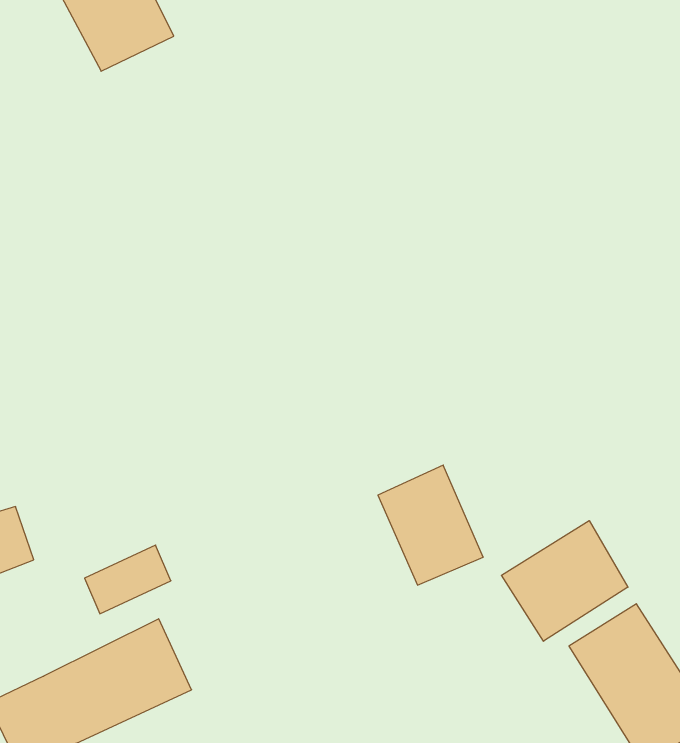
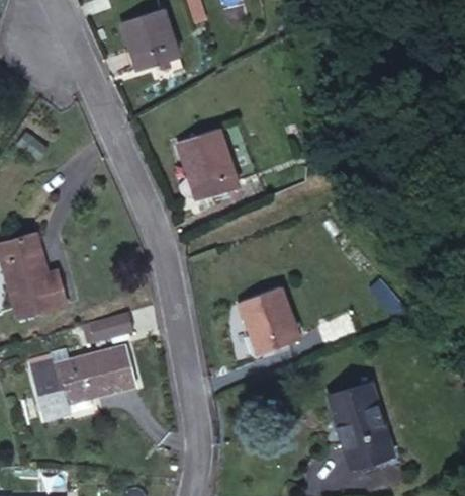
building: none -> [183,131,235,197]
building: [501,521,628,641] -> none

